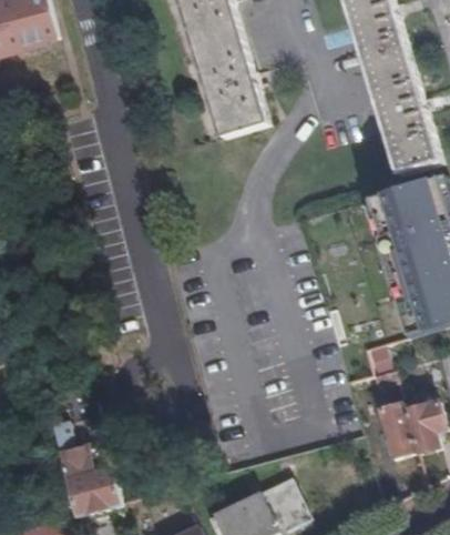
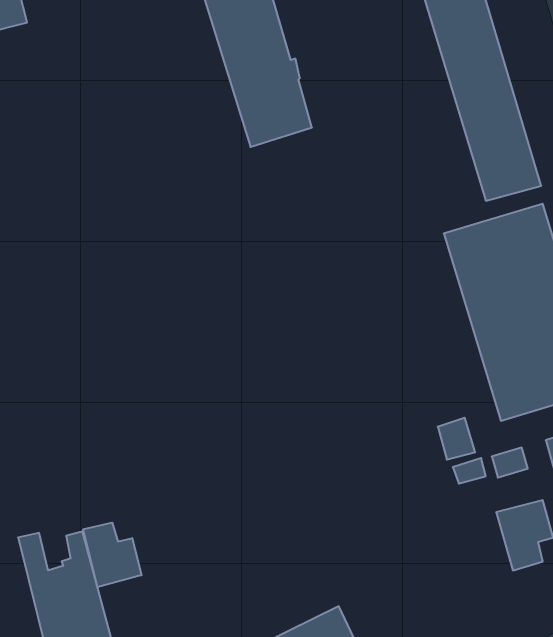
building: [377,398,417,457] -> none
building: none -> [83,523,142,587]

